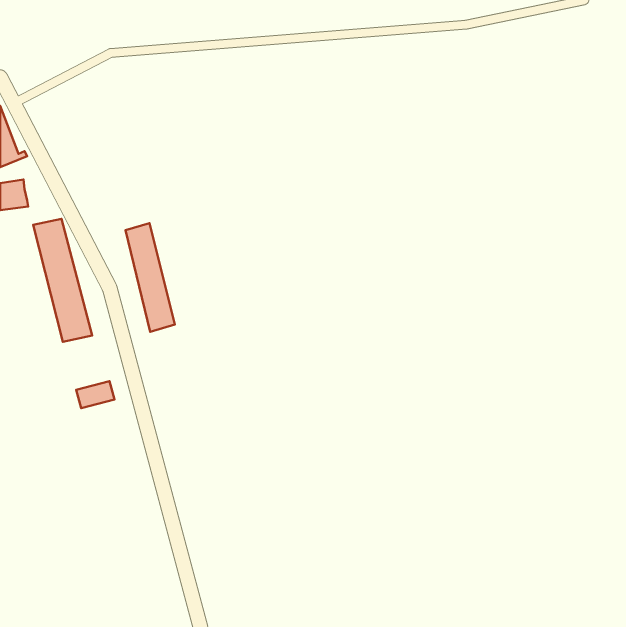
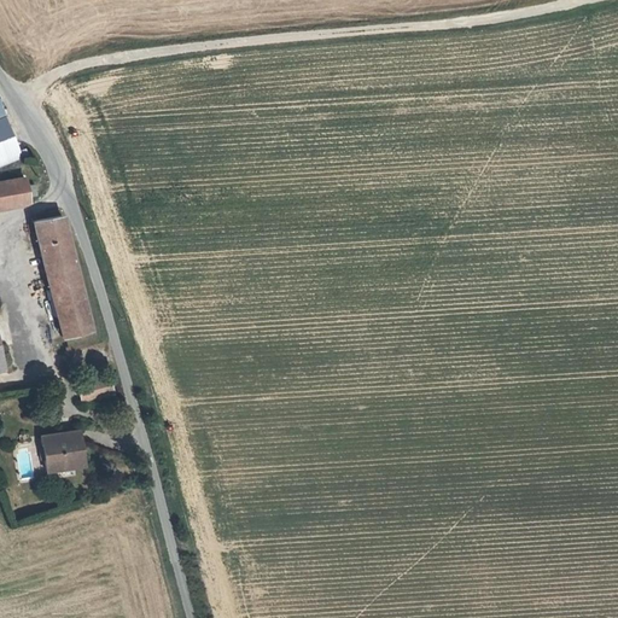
building: [126,223,175,332] -> none
building: none -> [42,430,84,472]

